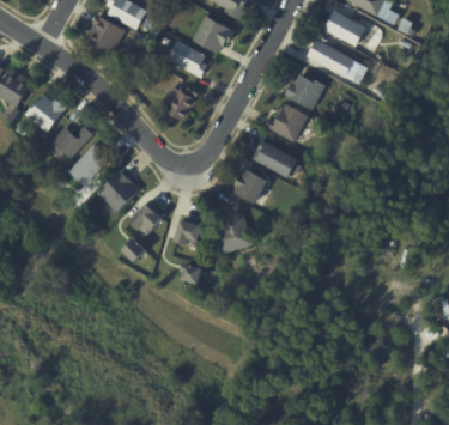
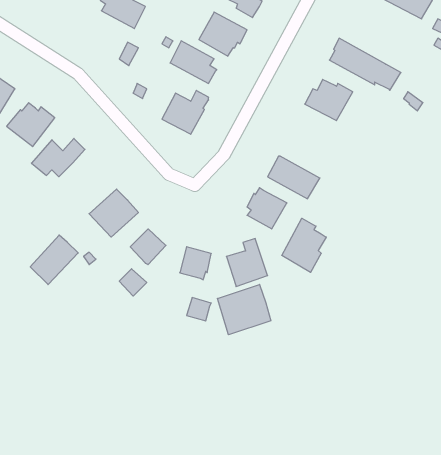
building: [322,10,365,45] -> none
building: [85,14,125,54] -> none
building: [263,103,307,141] -> none
building: [67,142,109,186] -> [30,235,78,285]
building: none -> [282,218,326,272]
building: none -> [217,284,271,335]

